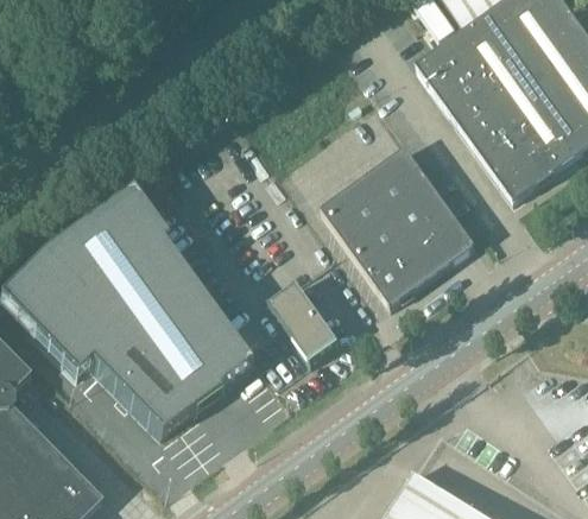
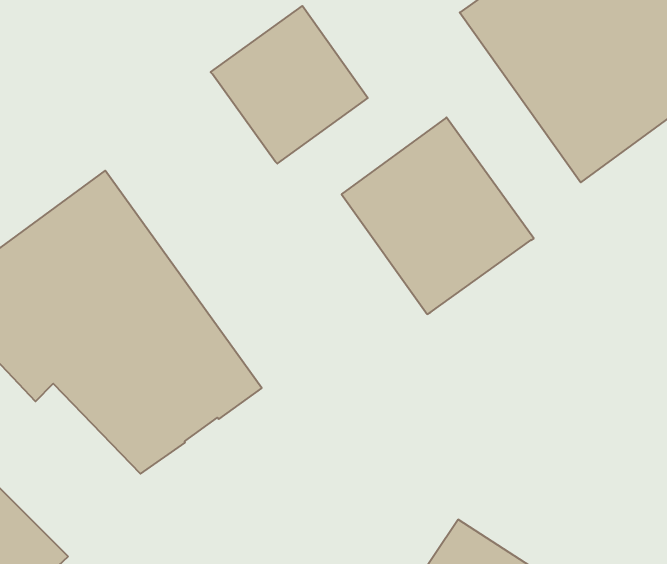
building: none -> [211,6,368,164]
building: [267,283,337,361] -> none

